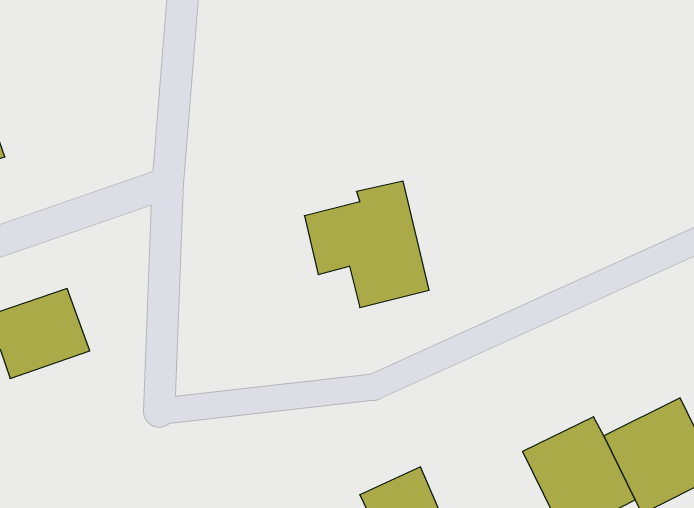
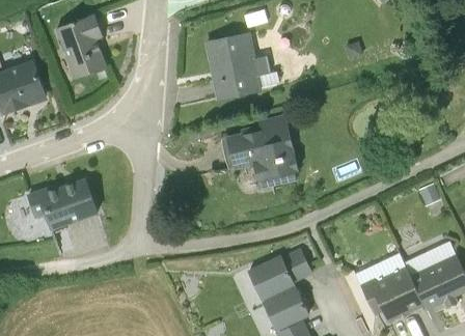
building: none -> [55,11,107,78]
building: none -> [206,31,271,101]
building: none -> [246,250,312,303]

